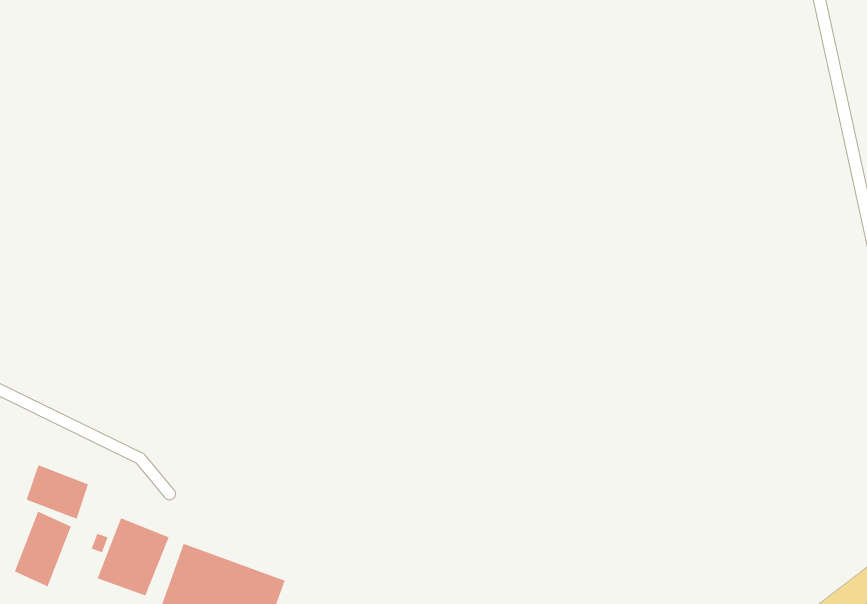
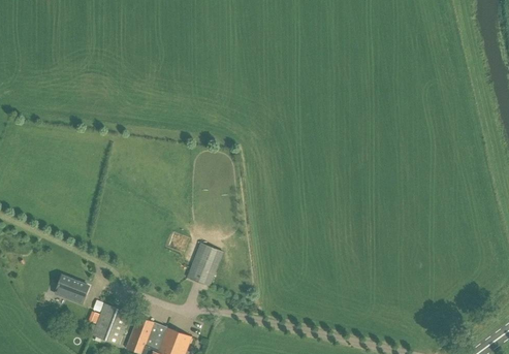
building: none -> [187,242,222,286]
building: [14,511,71,587] -> none

